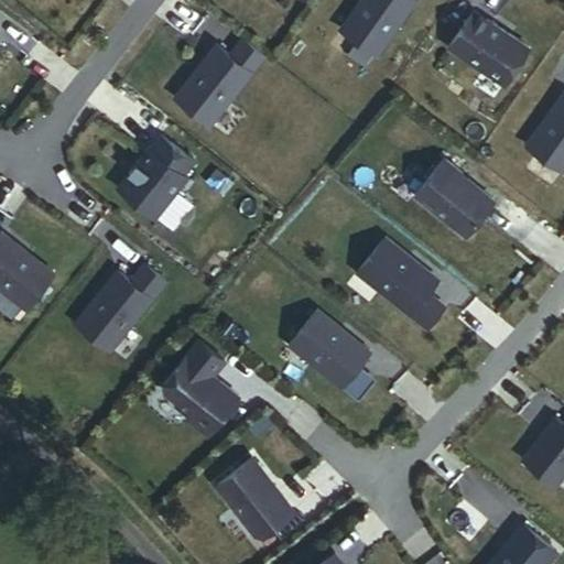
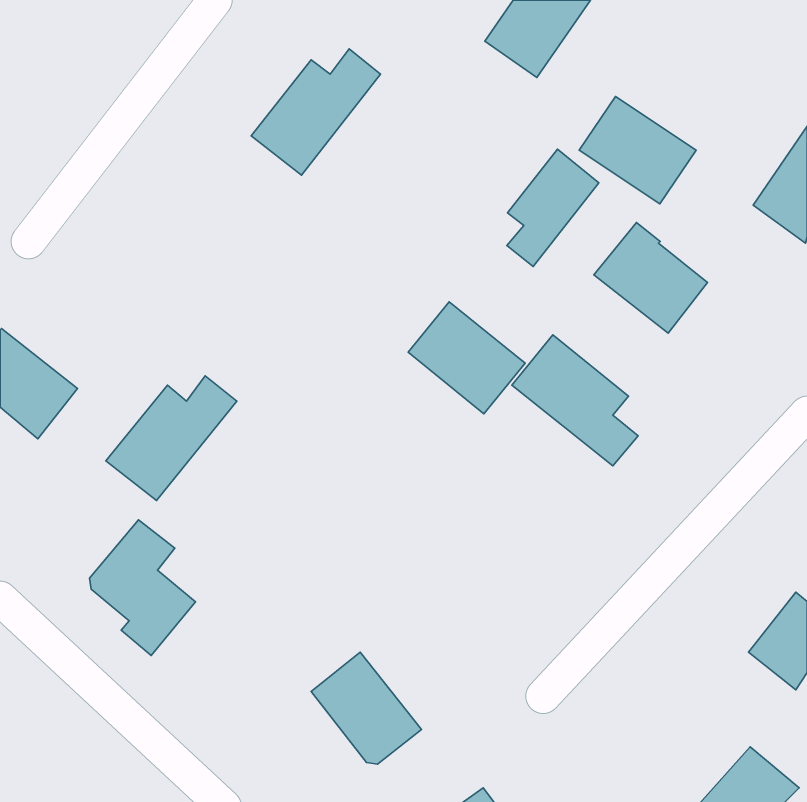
building: [446,12,528,87] -> [579,97,696,204]
building: none -> [507,149,599,266]
building: [118,138,194,220] -> none
building: [289,310,370,388] -> [408,302,525,414]
building: [166,343,240,437] -> [90,520,195,655]

